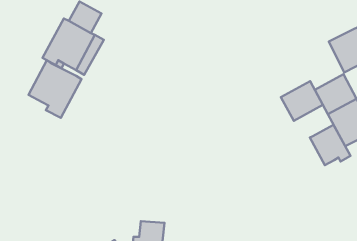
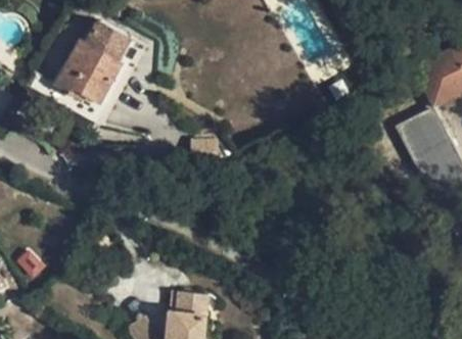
building: [28,60,81,118] -> none
building: [281,81,323,121] -> none
building: [310,125,350,165] -> none

